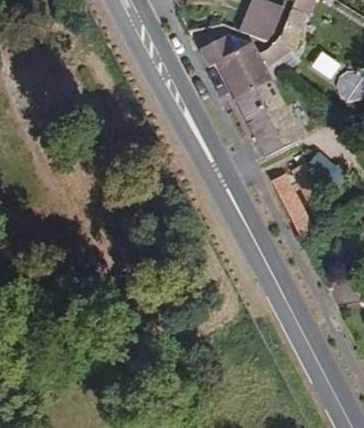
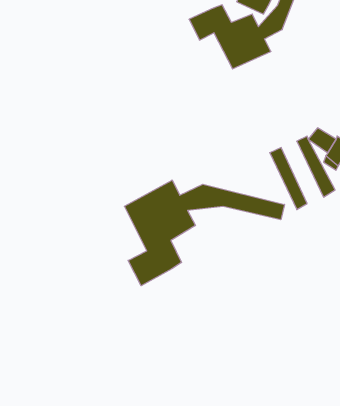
building: [236,78,303,155] -> none
building: none -> [124,180,284,286]

